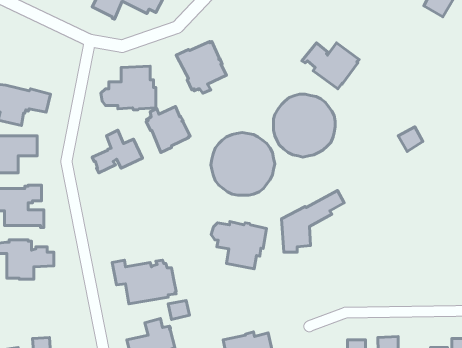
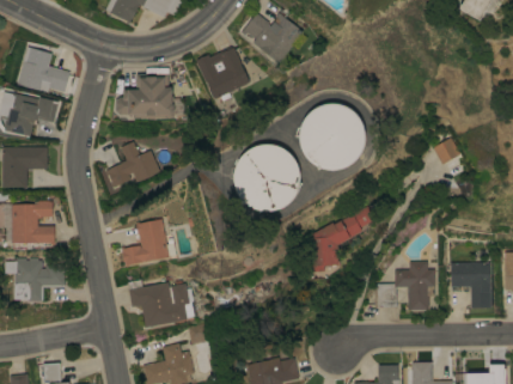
building: none -> [18,47,72,92]
building: [302,43,359,89] -> [242,13,303,62]
building: [146,107,190,152] -> none
building: none -> [122,219,177,267]
building: [211,221,266,269] -> none
building: none -> [372,261,435,310]
building: none -> [451,262,491,307]

